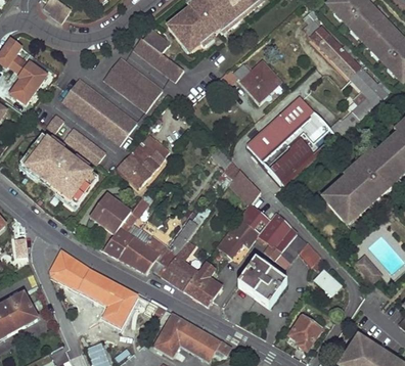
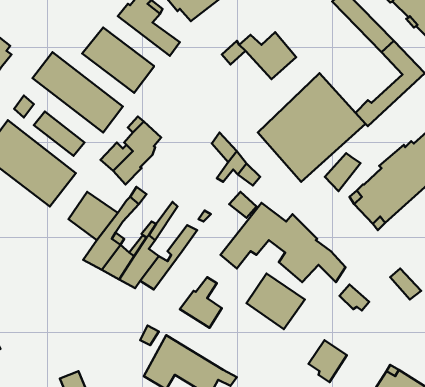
building: none -> [325,153,360,191]
building: [162,241,198,289] -> none
building: [49,247,137,325] -> none

